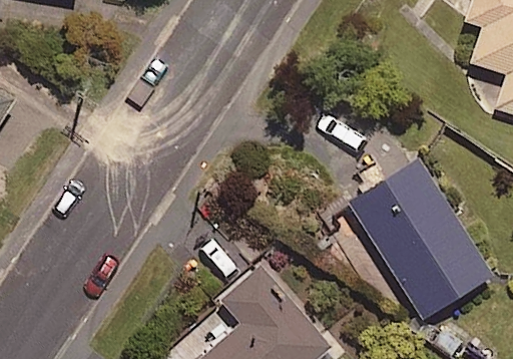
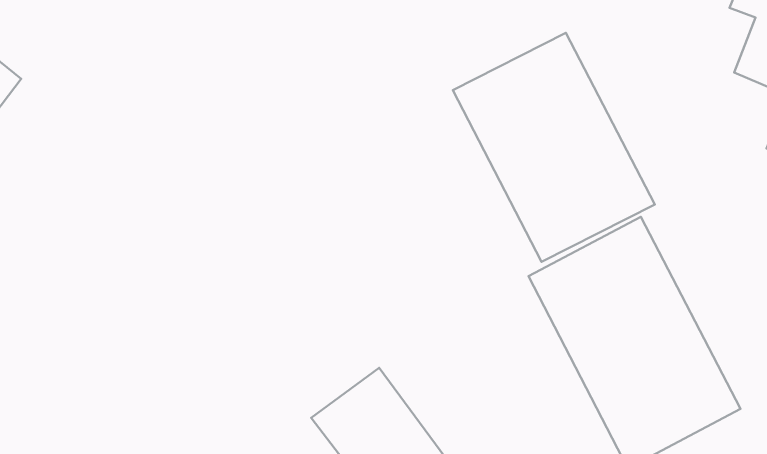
building: none -> [453,33,655,262]

